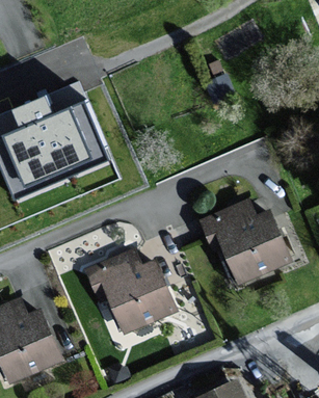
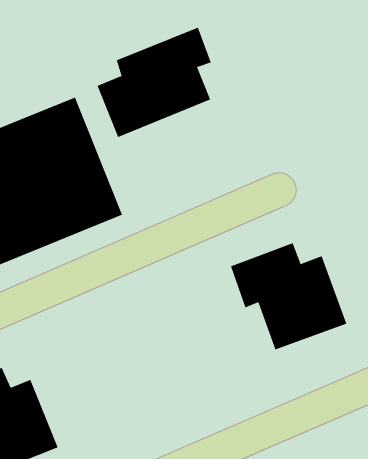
building: none -> [97,27,211,138]
building: [83,246,176,333] -> none

